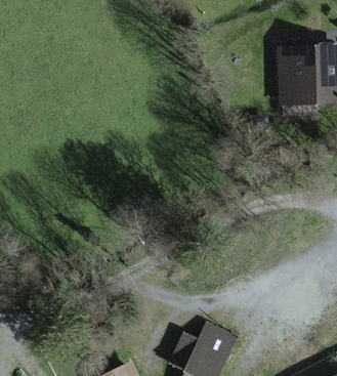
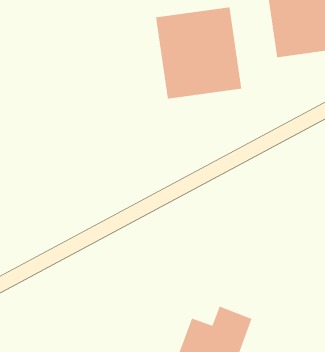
building: none -> [155,6,242,99]

